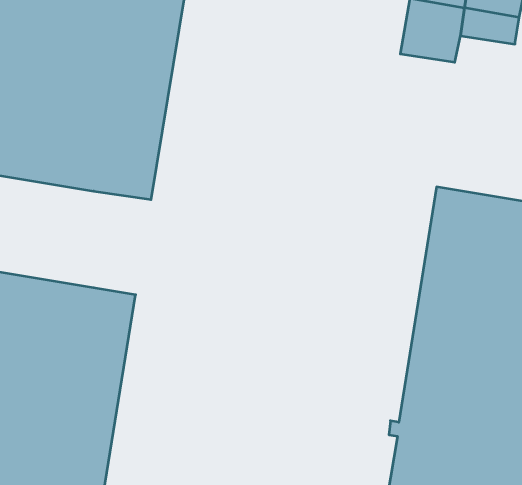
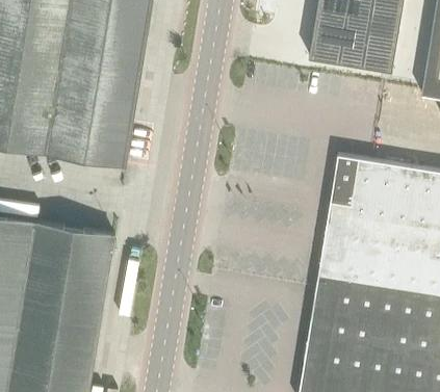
building: none -> [351,44,395,71]

